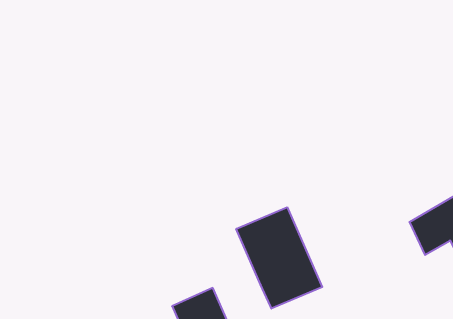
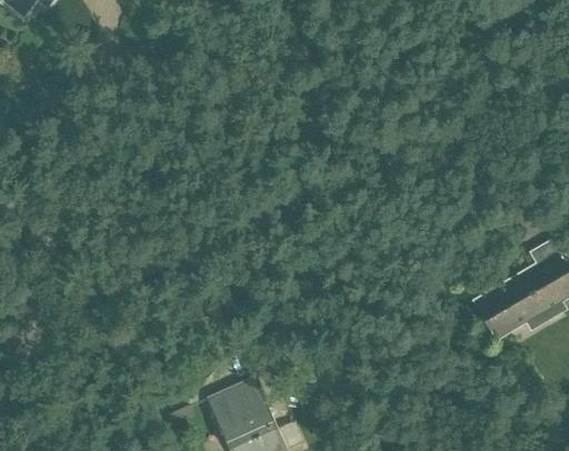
building: [236,207,322,309] -> none

